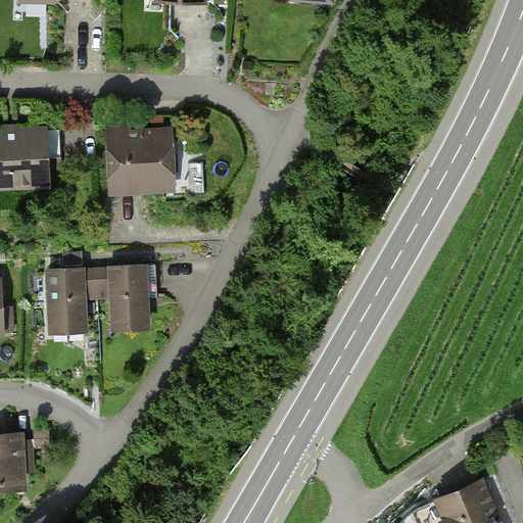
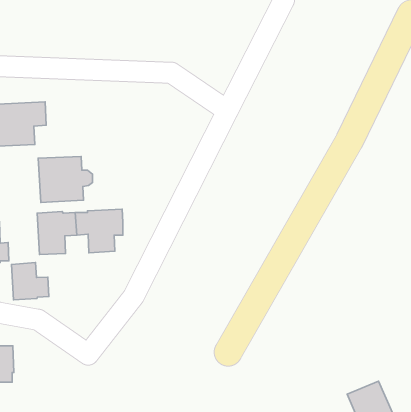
building: [108,133,177,191] -> [38,157,92,203]
building: none -> [11,262,49,300]

